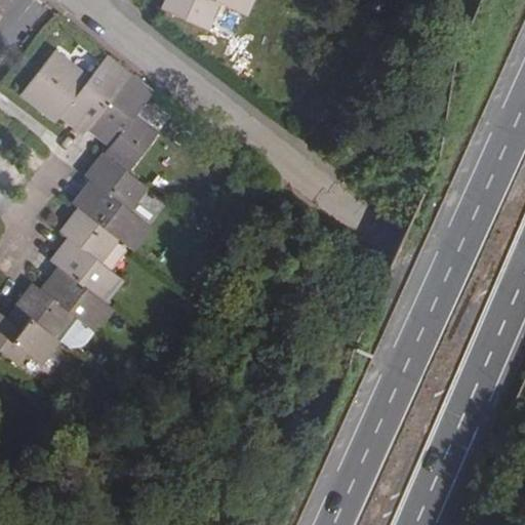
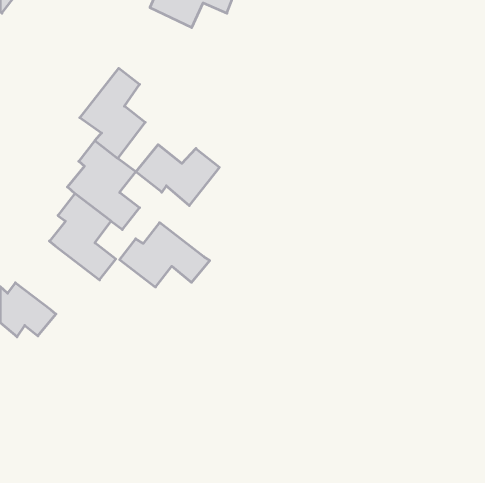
building: [21,50,128,132] -> none
building: none -> [136,145,219,206]
building: [16,266,114,335] -> [120,223,210,287]

